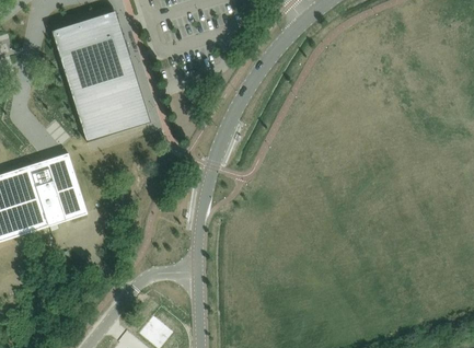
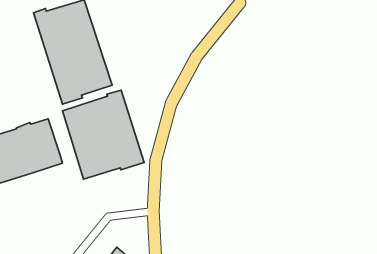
building: none -> [63,90,144,179]

